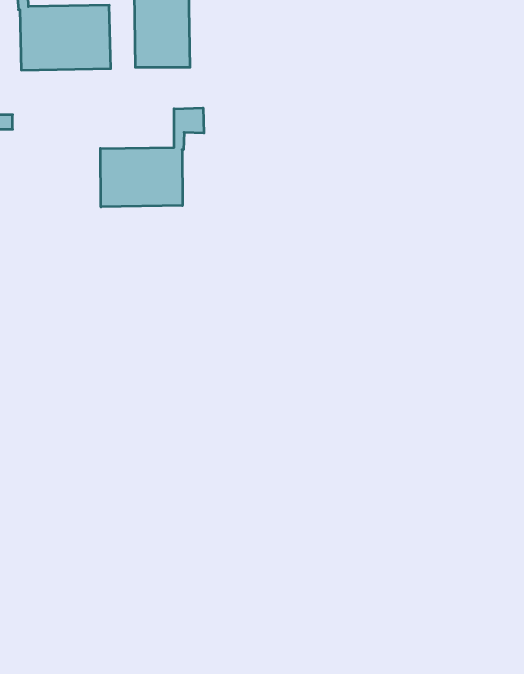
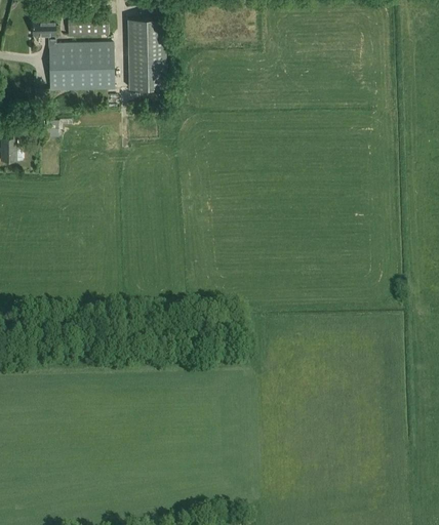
building: [100,108,204,207] -> none

